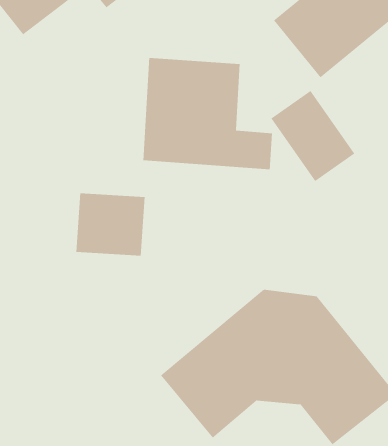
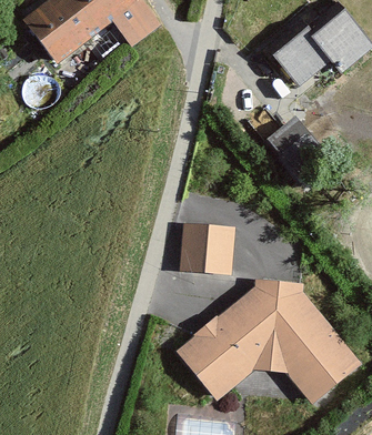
building: [143,57,272,170] -> none
building: [76,193,146,256] -> [179,221,237,273]

